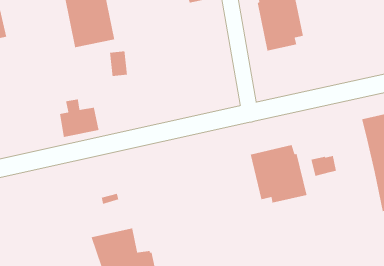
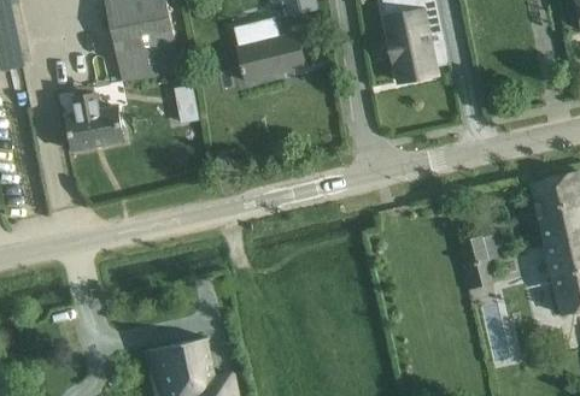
building: none -> [233,17,304,81]
building: [59,98,100,138] -> [66,94,124,150]
building: [250,144,307,204] -> none

